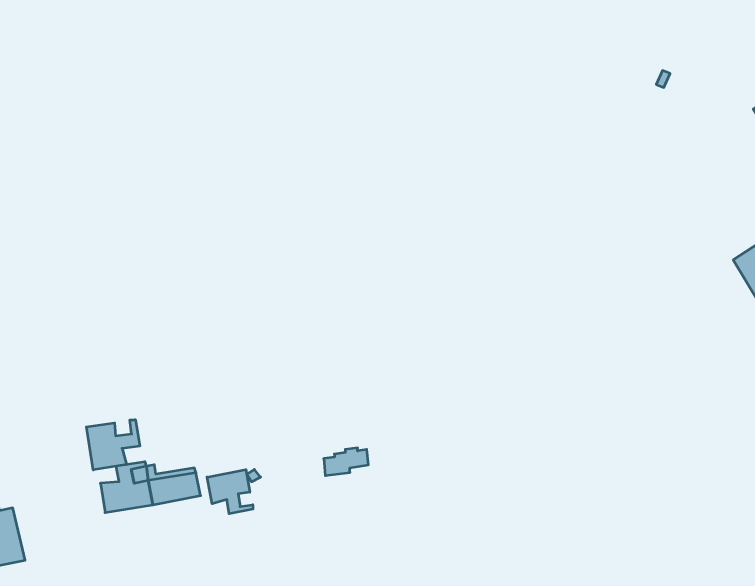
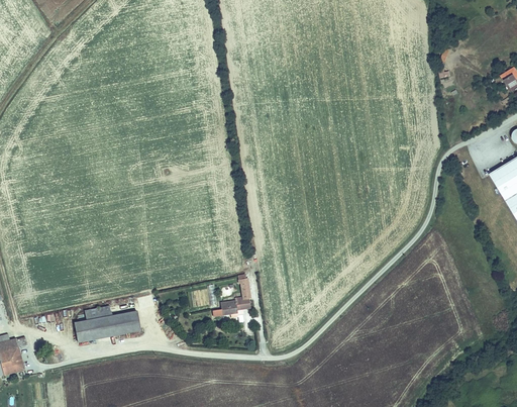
building: [86,420,140,470] -> none
building: [207,470,253,514] -> none

